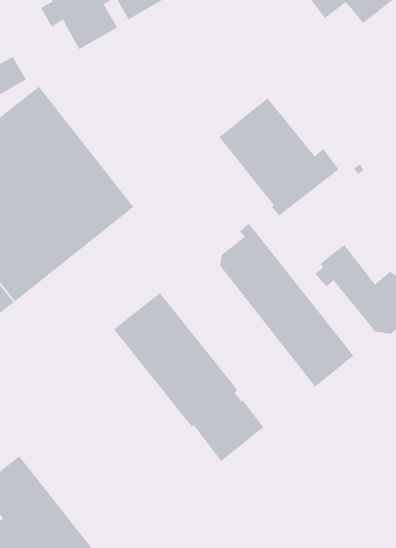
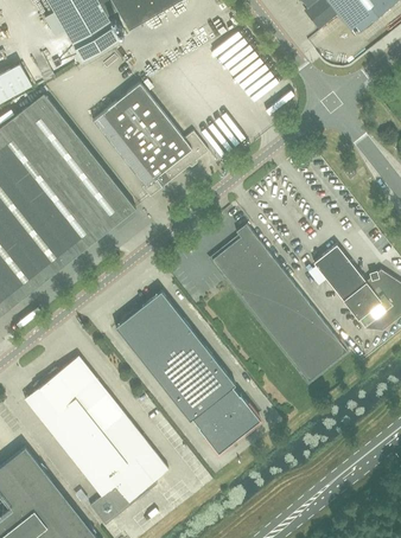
building: [218,97,340,216] -> [93,82,209,196]
building: none -> [25,357,168,525]

